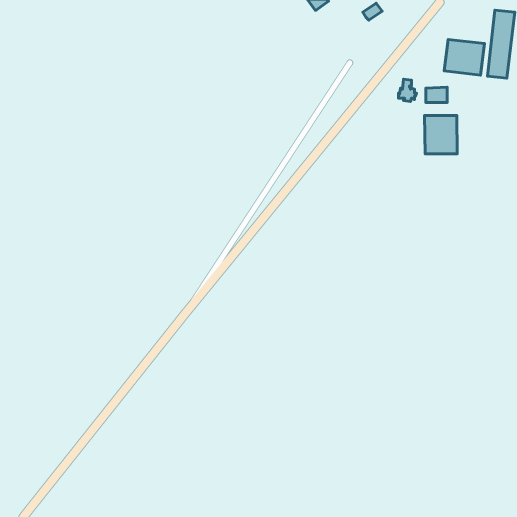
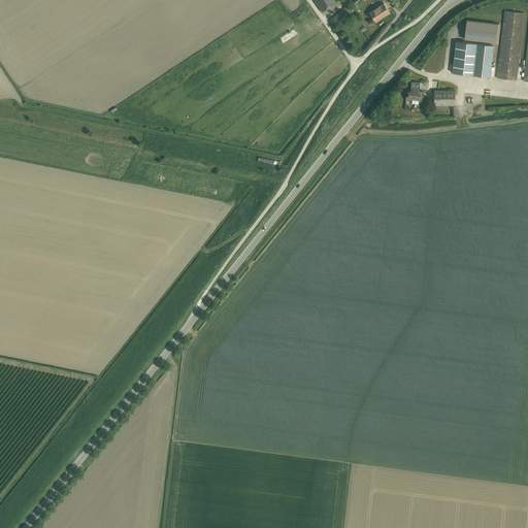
building: none -> [463,20,497,42]
building: [425,116,457,154] -> none

